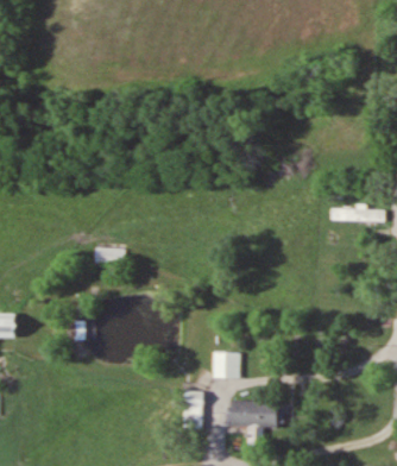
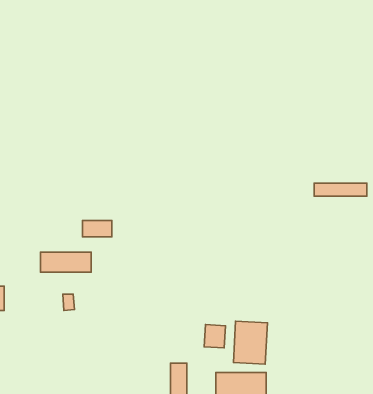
building: none -> [40,252,91,272]
building: none -> [233,321,267,364]

